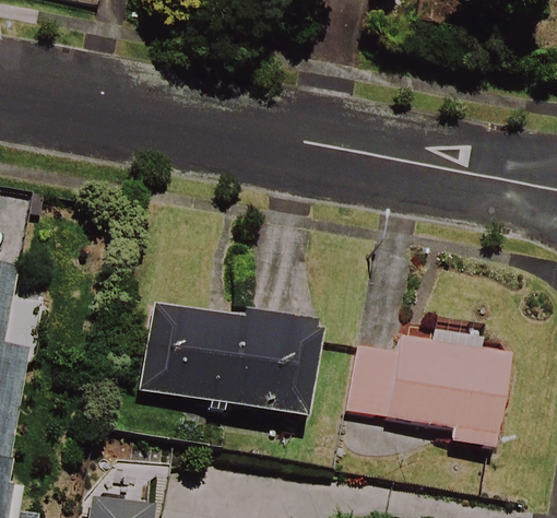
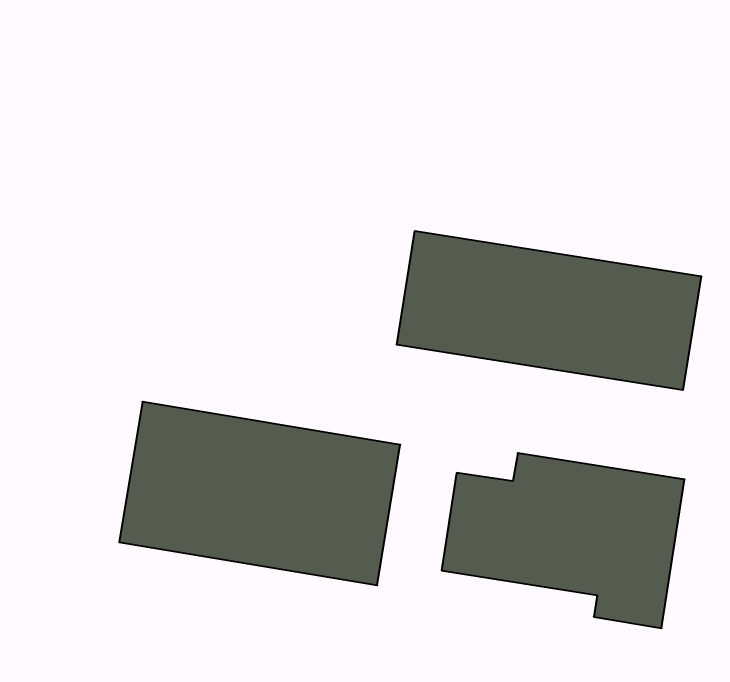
building: none -> [397,231,701,390]

